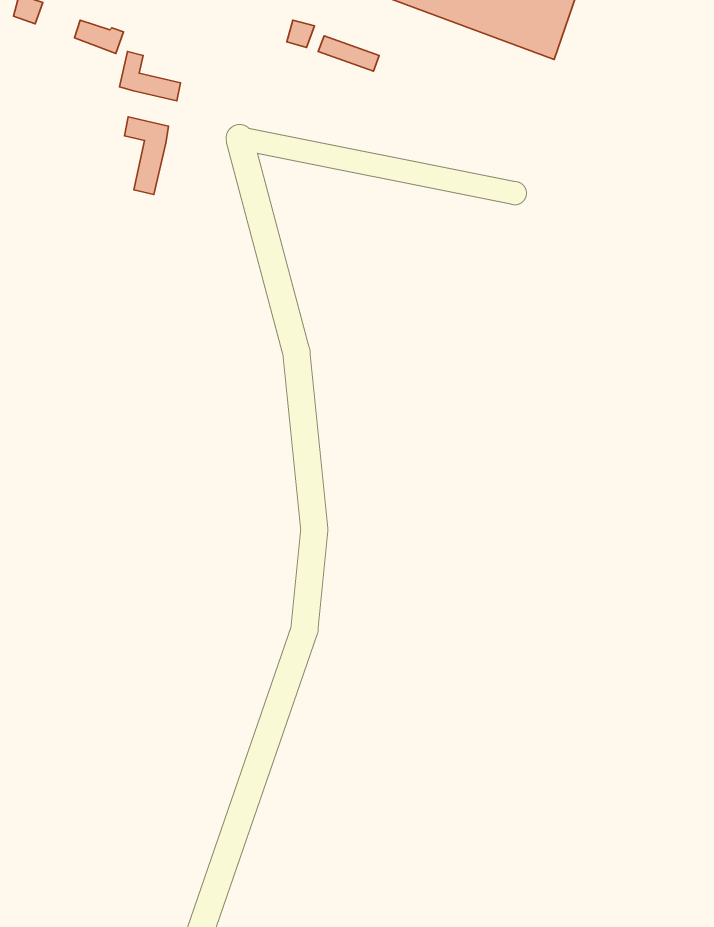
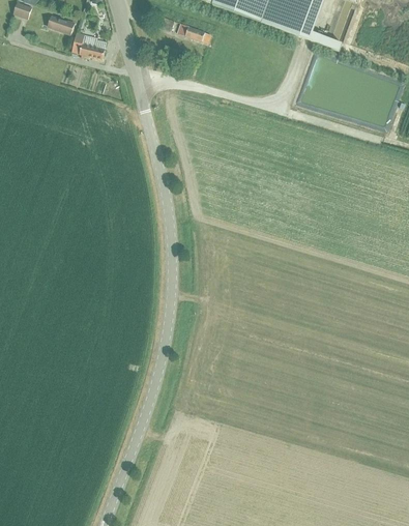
building: [124,117,169,195] -> none

